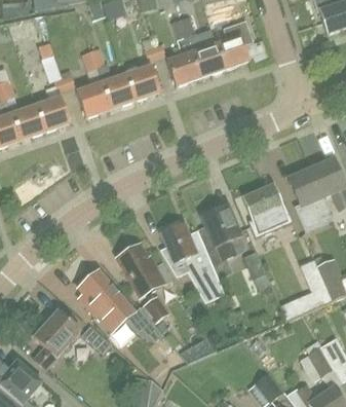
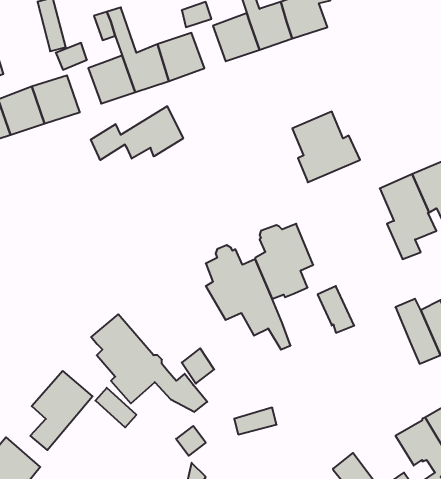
building: none -> [91,106,183,160]
building: [243,184,293,235] -> [292,112,360,182]
building: [116,243,170,295] -> none

